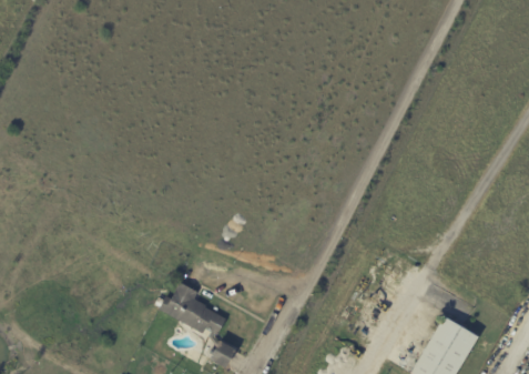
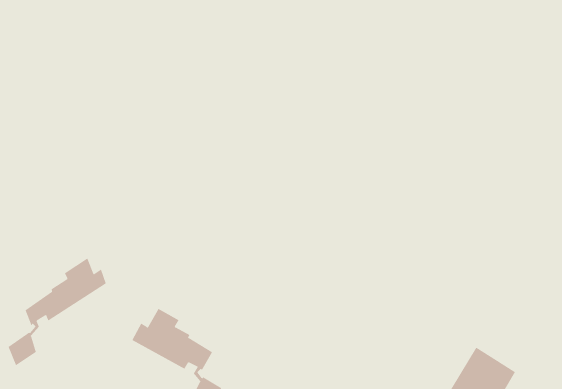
building: none -> [8,257,107,366]

